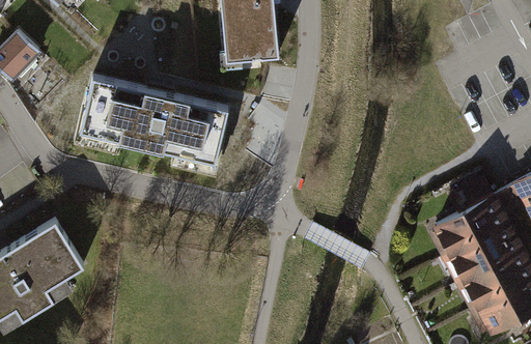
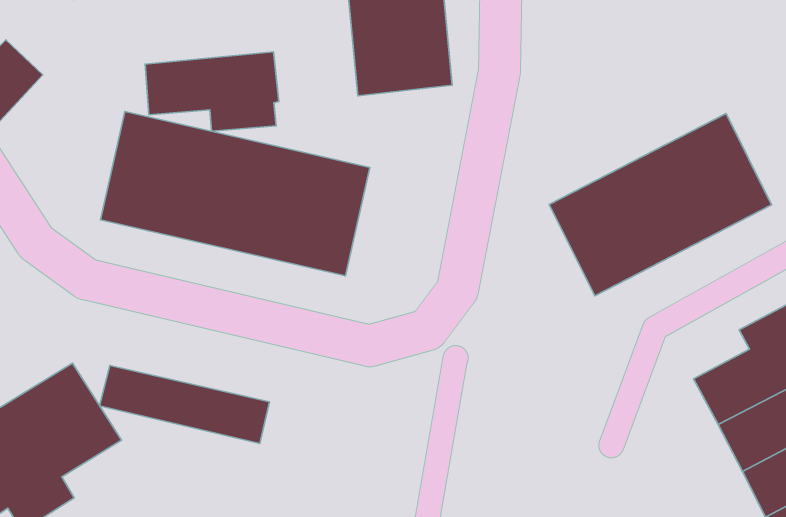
building: none -> [145,52,279,131]
building: none -> [549,113,772,296]
building: none -> [100,366,269,443]

